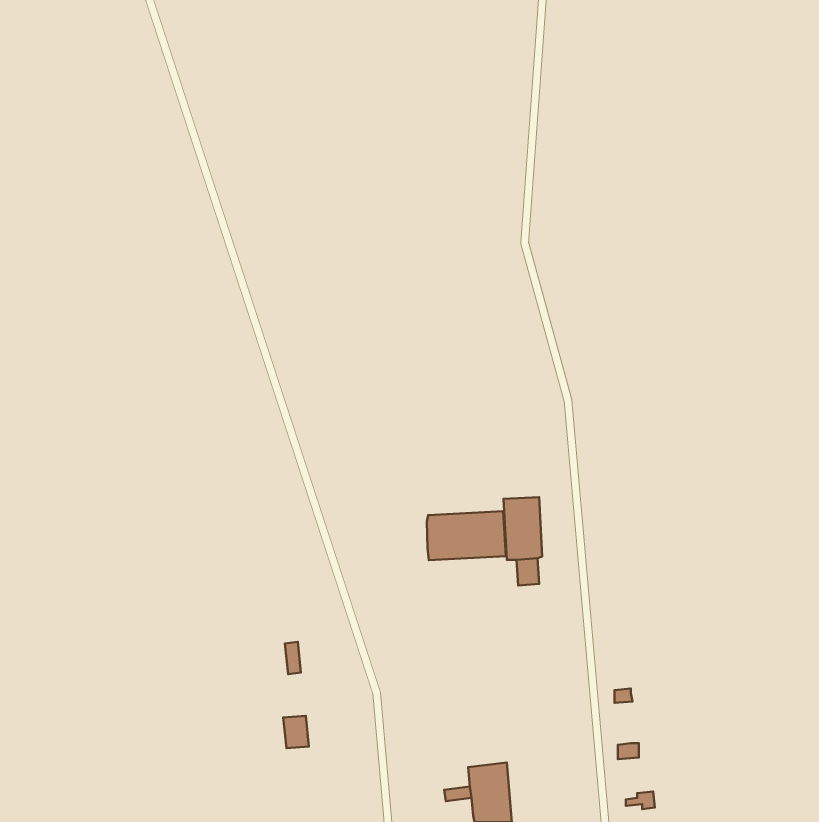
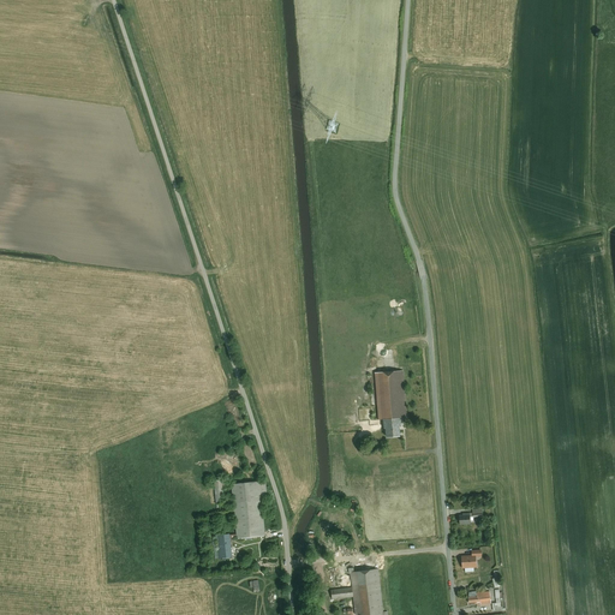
building: [427,511,506,560] -> none
building: none -> [233,480,267,537]

